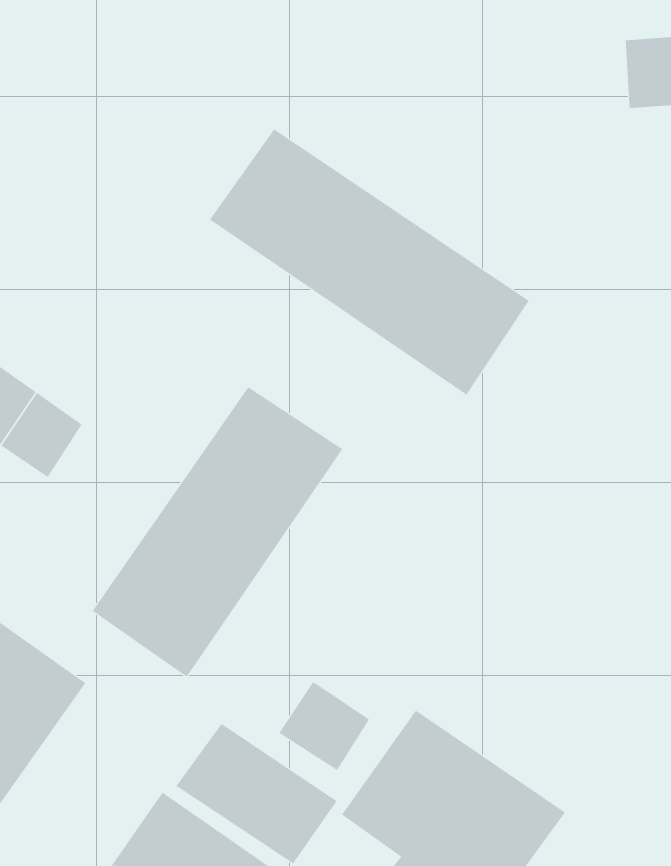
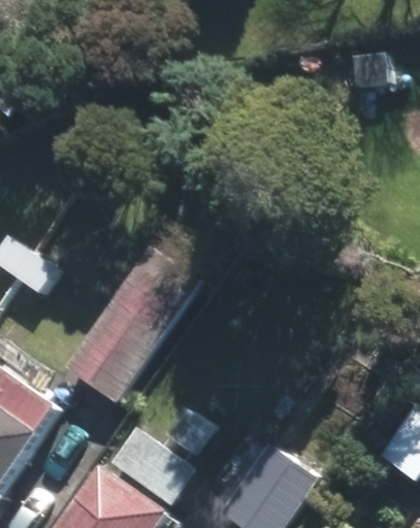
building: [209,129,530,396] -> none

